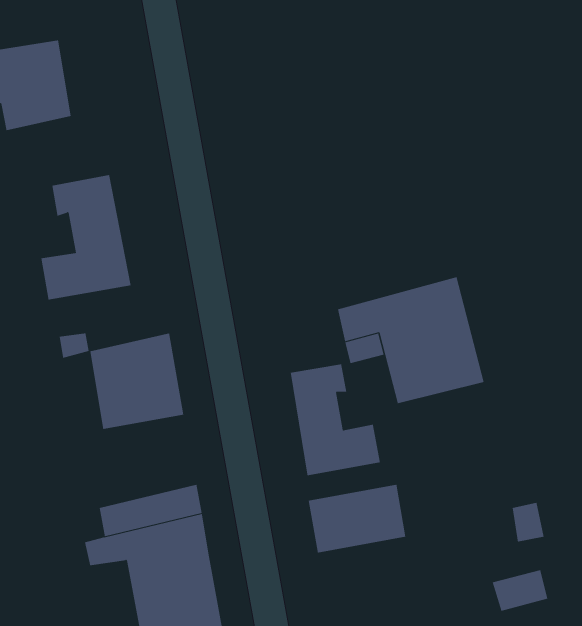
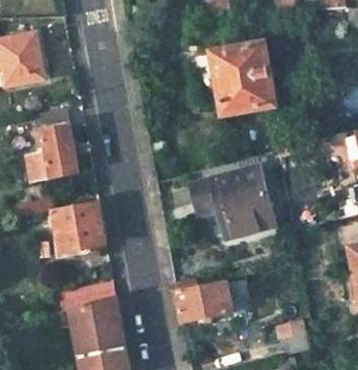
building: none -> [187,45,274,115]
building: [290,363,380,476] -> none

